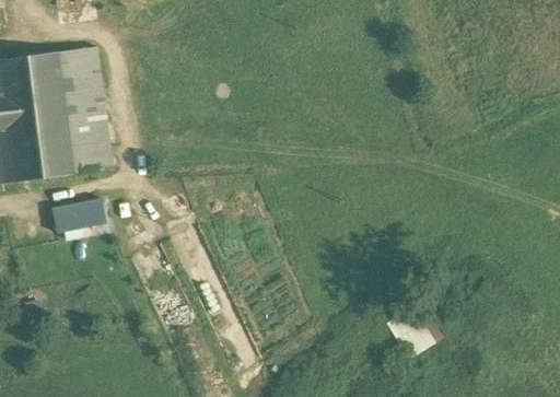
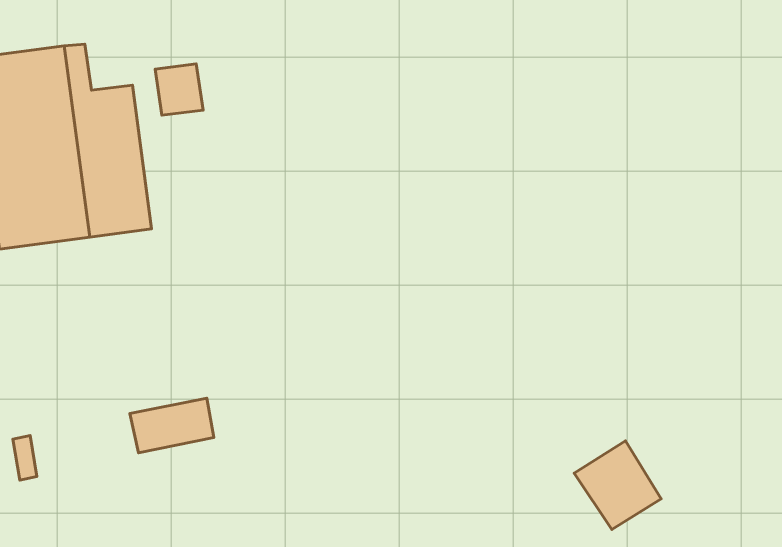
building: [70,46,101,79] -> [155,64,203,115]
building: [51,197,105,232] -> [130,398,214,453]

